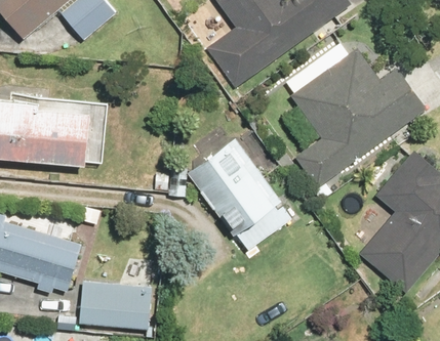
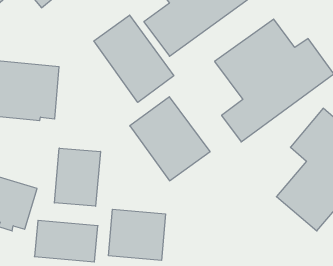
building: none -> [94,15,174,102]
building: none -> [54,148,100,206]
building: none -> [109,209,165,260]

